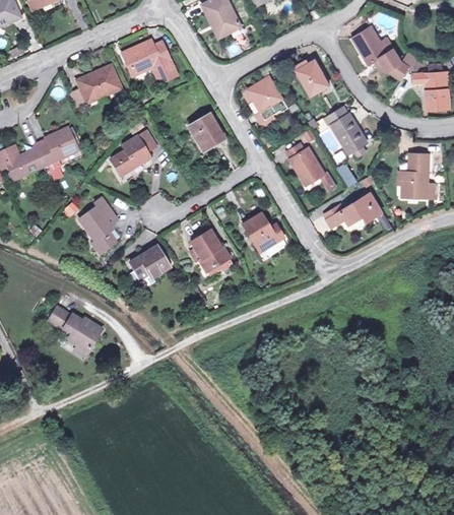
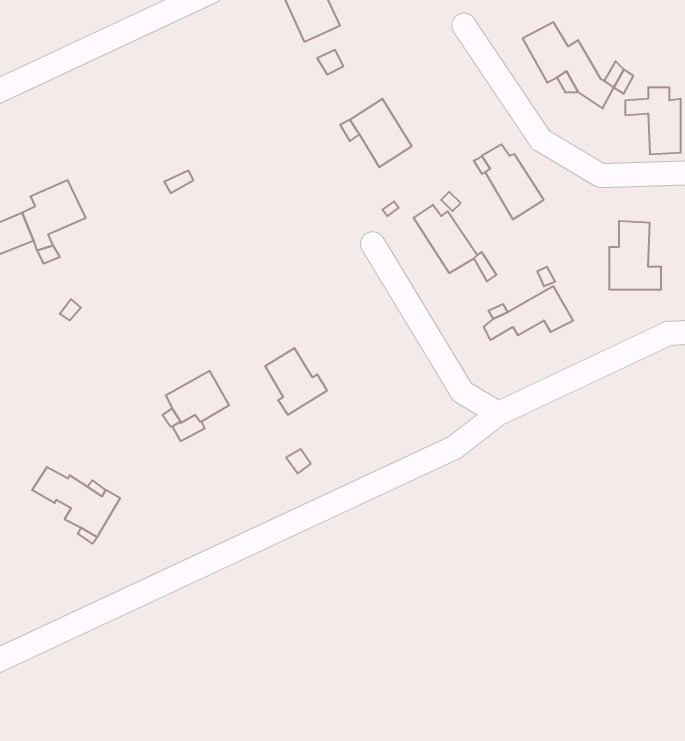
building: [122,41,176,83] -> none
building: [294,57,327,92] -> none
building: [74,64,121,107] -> none
building: [188,114,222,148] -> none
building: [110,130,154,174] -> none
building: [79,198,113,256] -> none
building: [241,212,282,250] -> none

